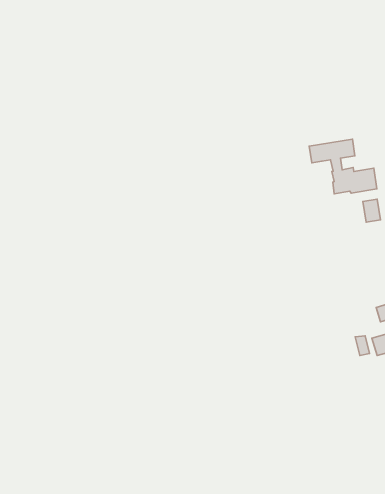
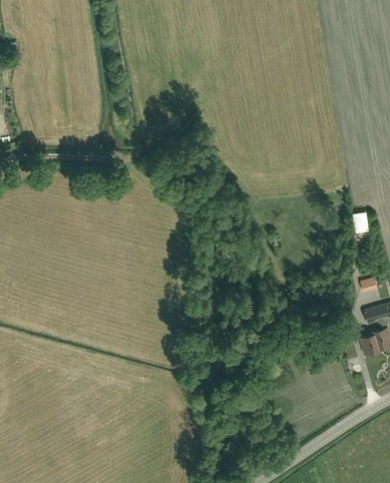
building: [309,139,377,194] -> none

